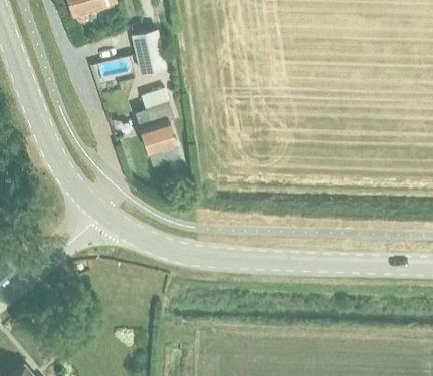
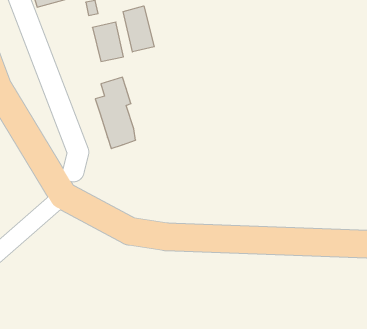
building: none -> [123,6,154,52]

